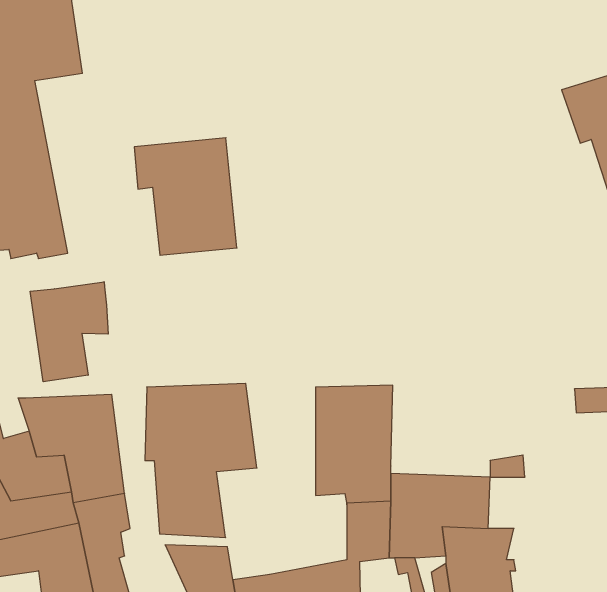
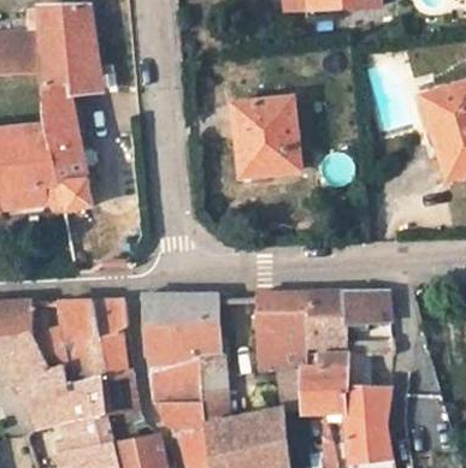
building: [134,138,237,255] -> [235,99,302,176]
building: [30,282,108,382] -> none
building: none -> [303,295,389,349]
building: none -> [189,350,224,423]

